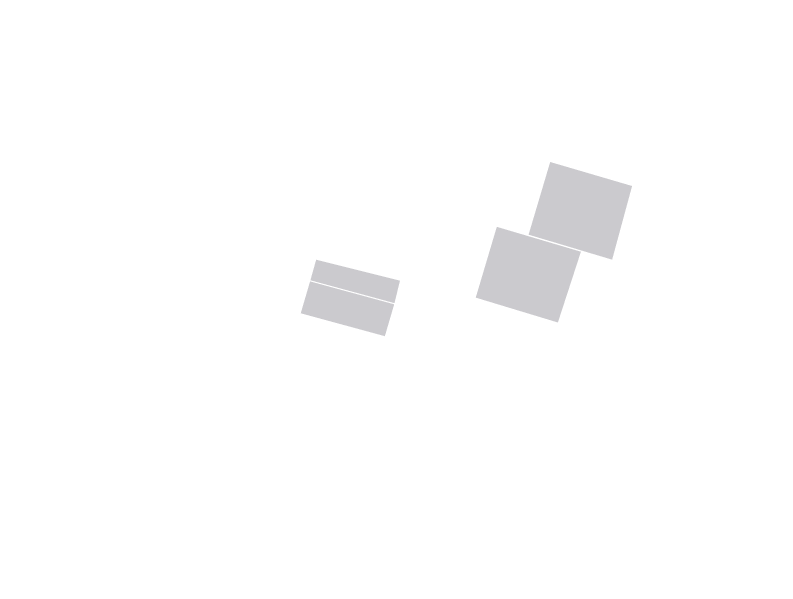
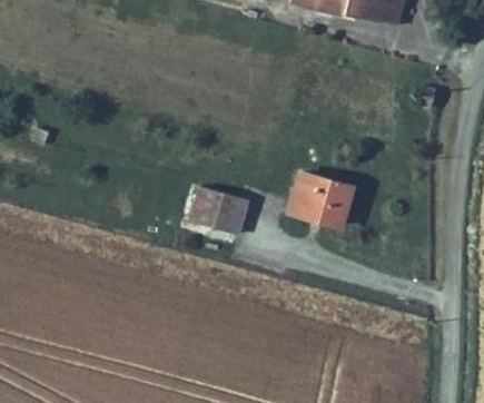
building: [528,161,633,261] -> none

